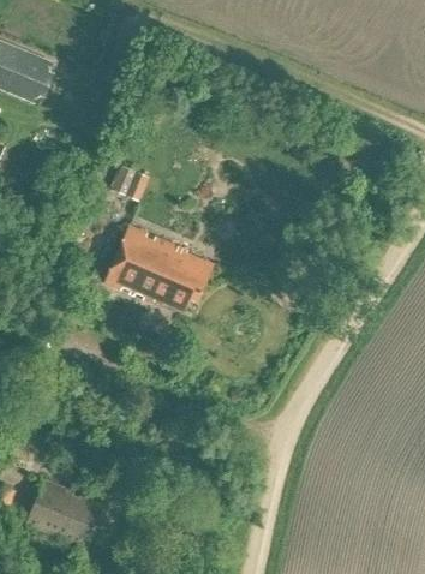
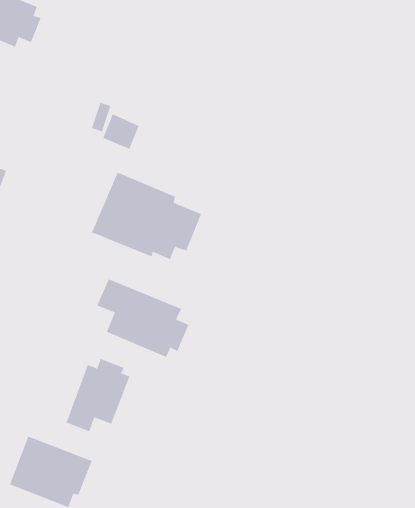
building: none -> [97,278,189,358]
building: none -> [66,358,130,432]

